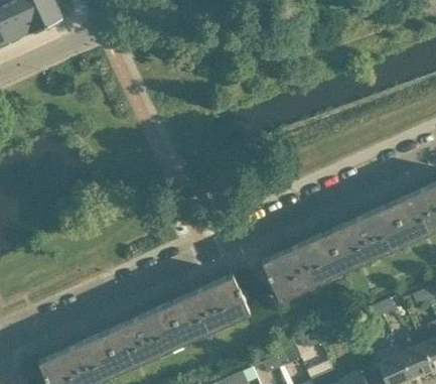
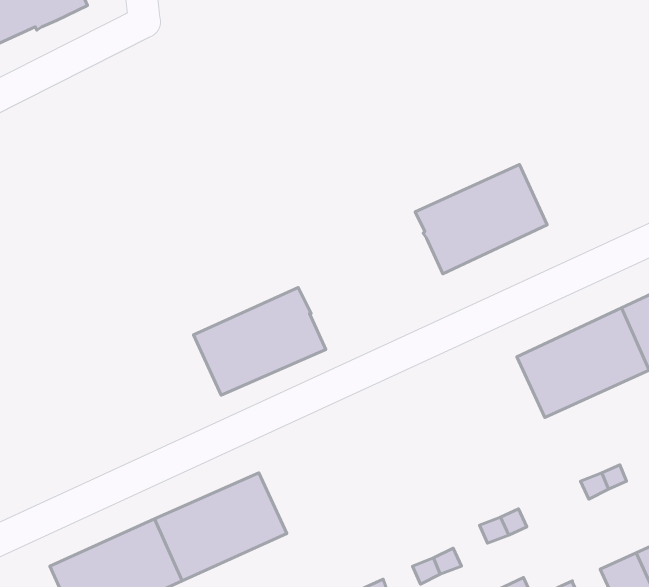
building: [262,234,343,301] -> [415,165,547,274]
building: [167,276,249,343] -> [194,287,326,395]

